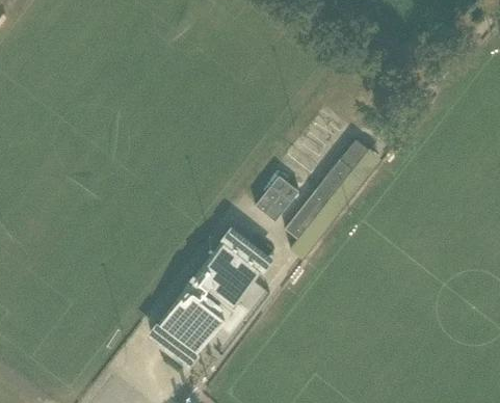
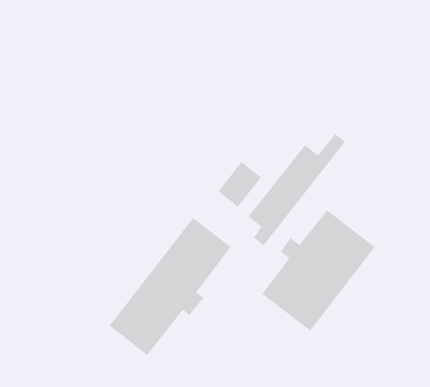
building: none -> [262,210,376,332]

